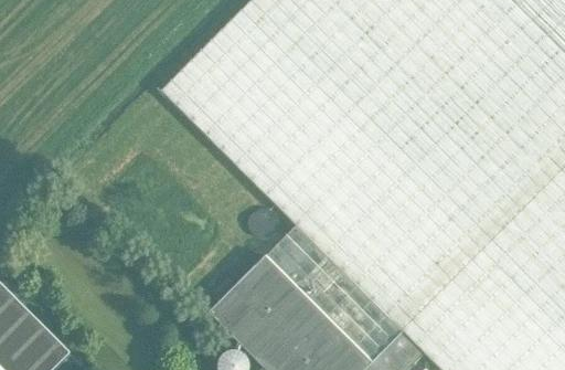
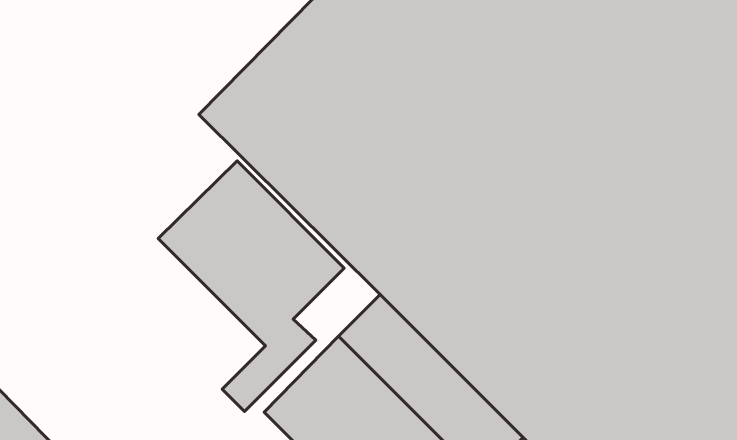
building: none -> [158,161,344,412]

